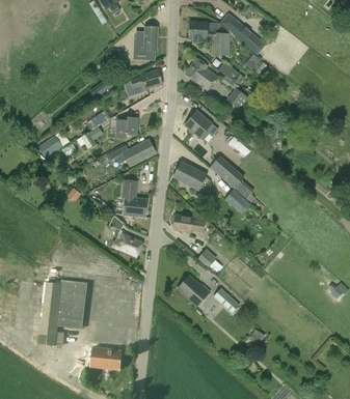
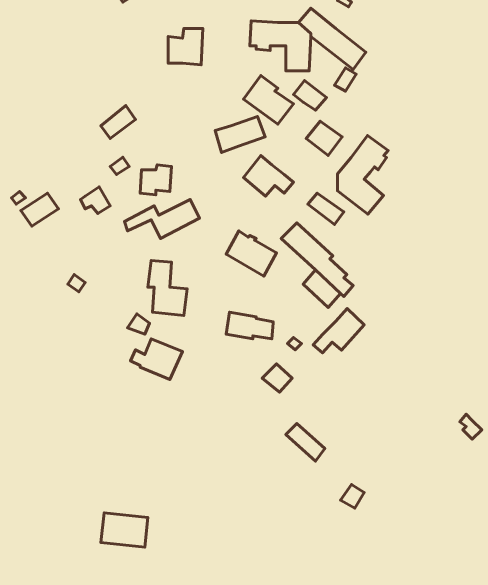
building: [130,69,163,93] -> [215,116,265,153]
building: none -> [337,135,388,214]
building: none -> [313,308,364,353]
building: [178,276,210,306] -> none
building: [37,280,87,346] -> none

